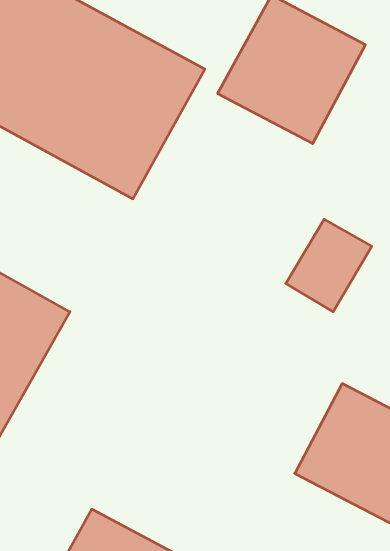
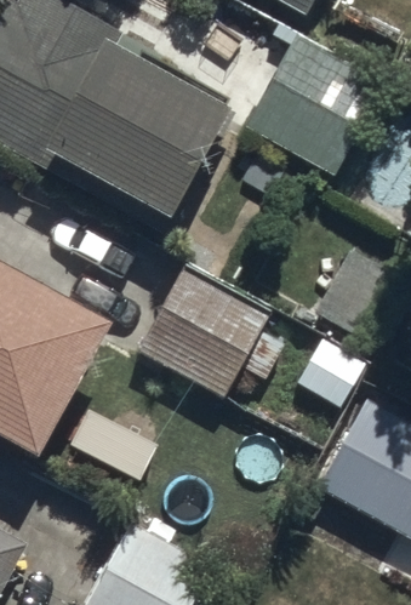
building: none -> [136,268,270,401]

